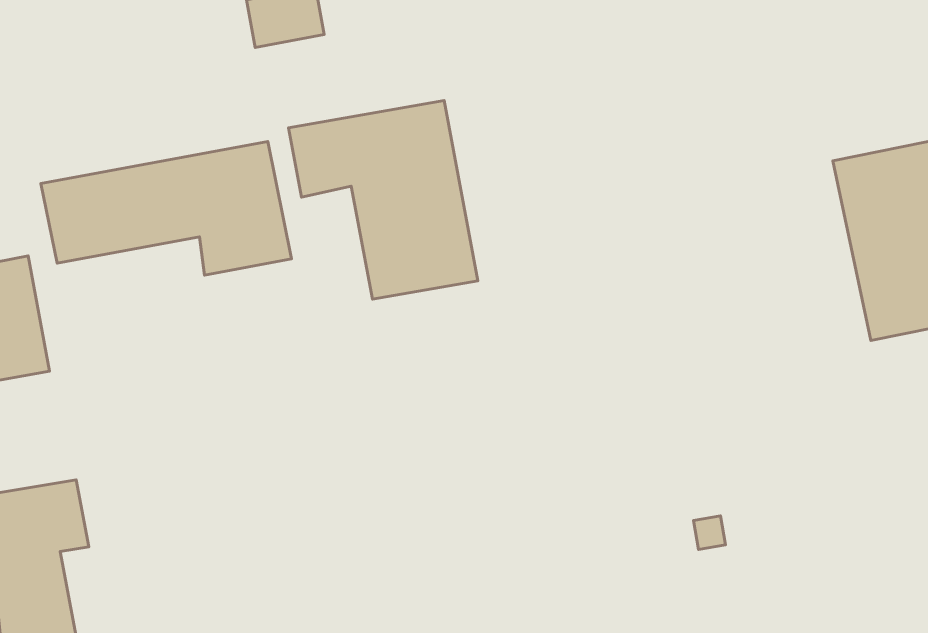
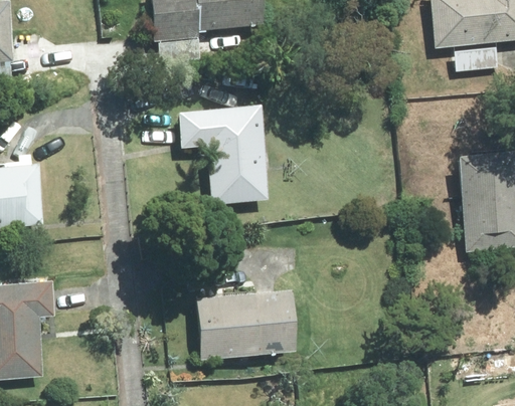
building: [41,141,291,275] -> none
building: none -> [196,290,297,359]

